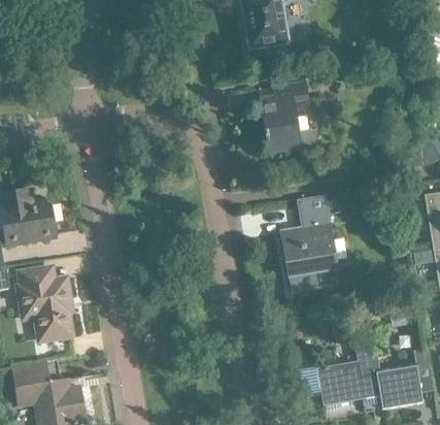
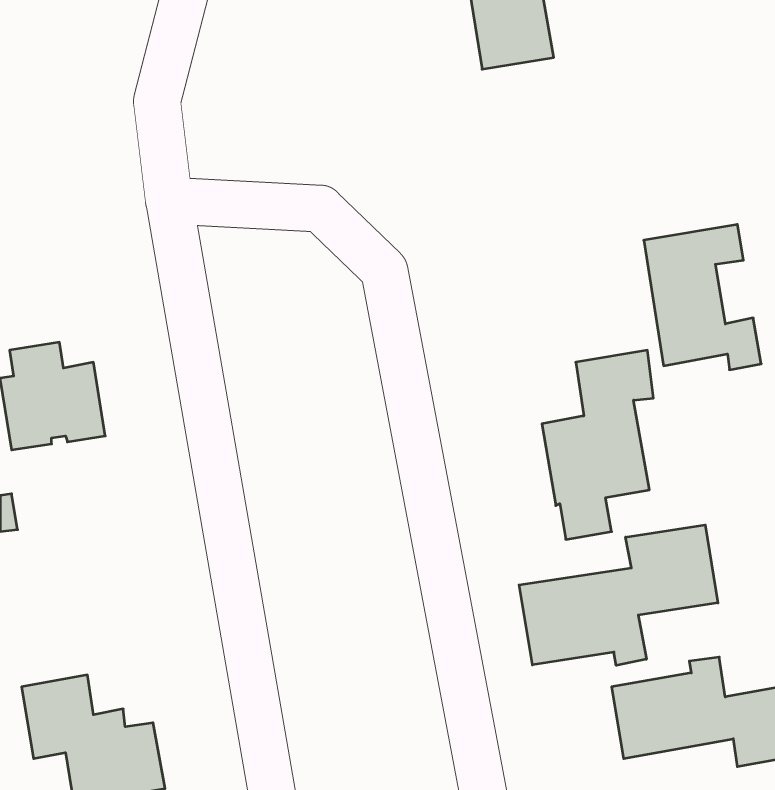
building: [258,79,318,155] -> [644,224,761,370]
building: [18,267,72,338] -> none
building: none -> [519,525,718,665]

